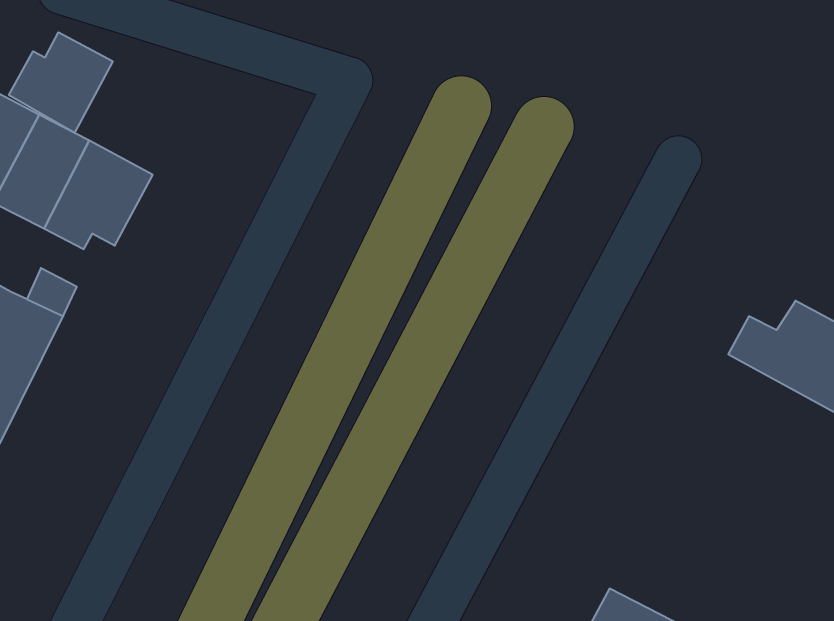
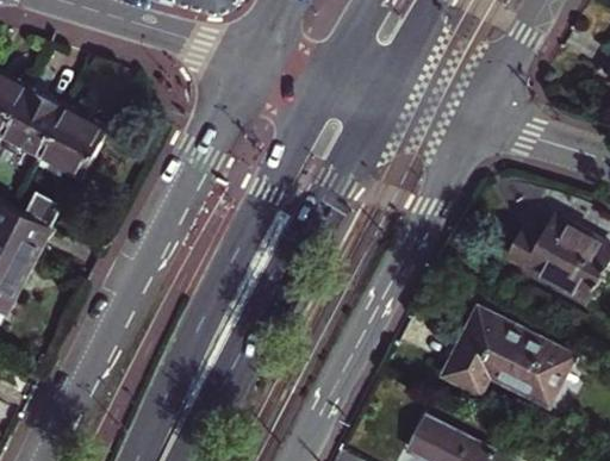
building: [9,32,113,133] -> none
building: none -> [446,311,572,404]

